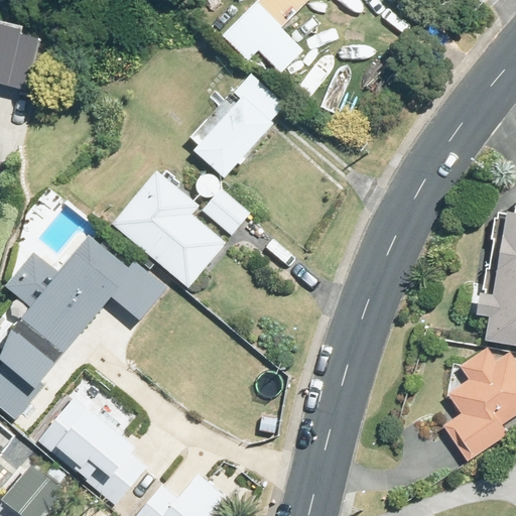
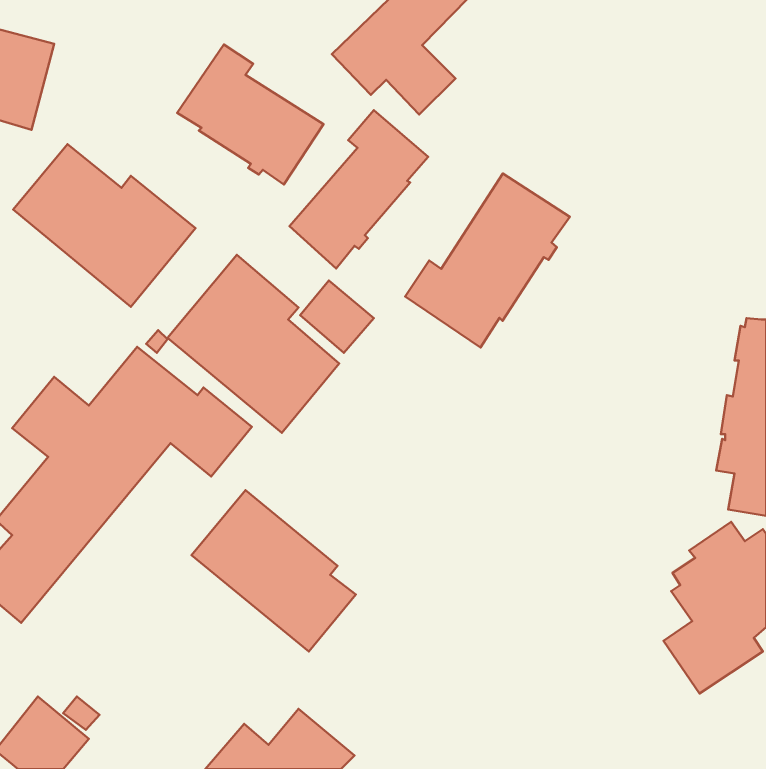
building: none -> [177,45,323,185]
building: none -> [13,144,196,307]
building: none -> [405,173,570,347]
building: [38,396,148,504] -> [191,490,356,652]

